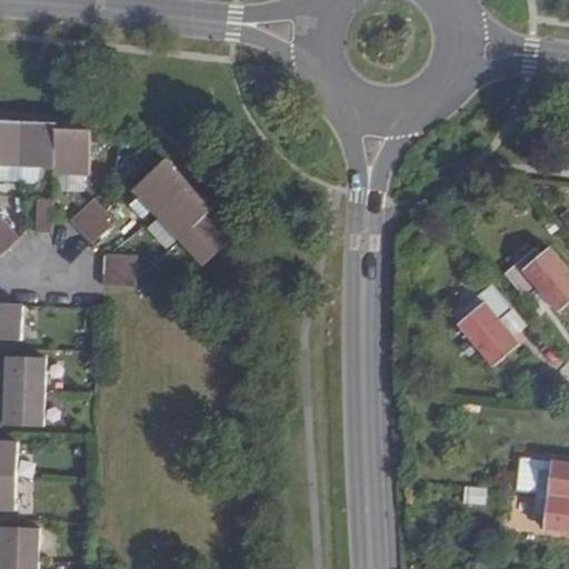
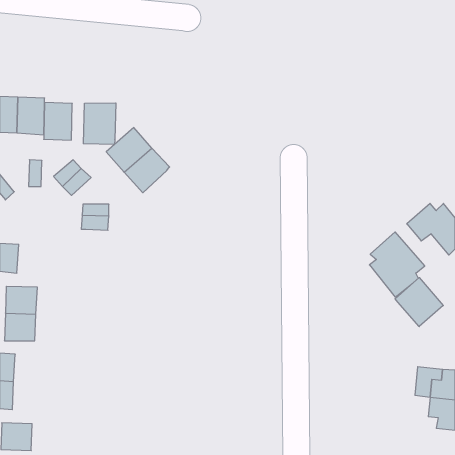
building: none -> [83,103,116,144]
building: [178,212,231,264] -> none
building: none -> [395,278,443,327]

